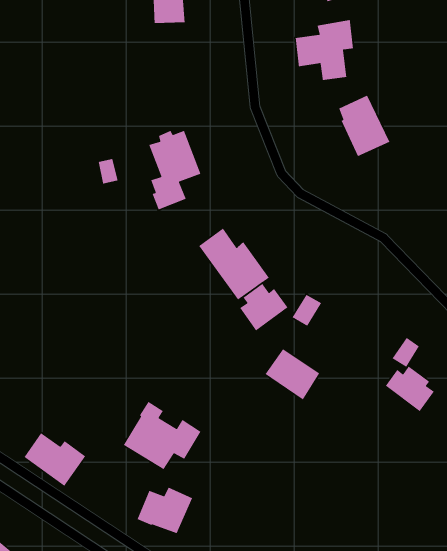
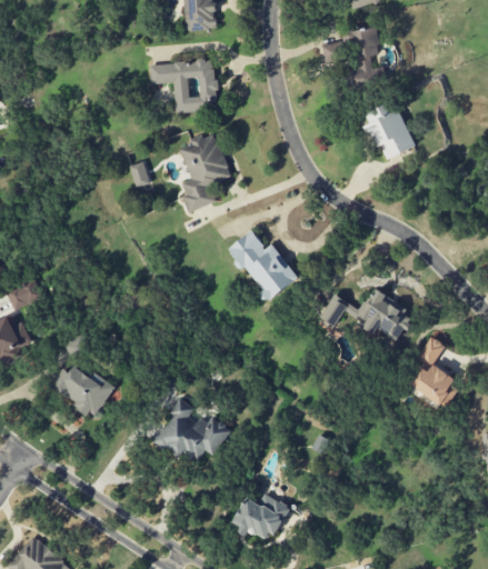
building: none -> [149,60,218,112]
building: [239,283,288,331] -> none
building: [265,348,320,400] -> [359,290,414,341]
building: [24,432,86,487] -> [54,363,116,417]
building: [136,486,193,534] -> [232,493,288,540]

